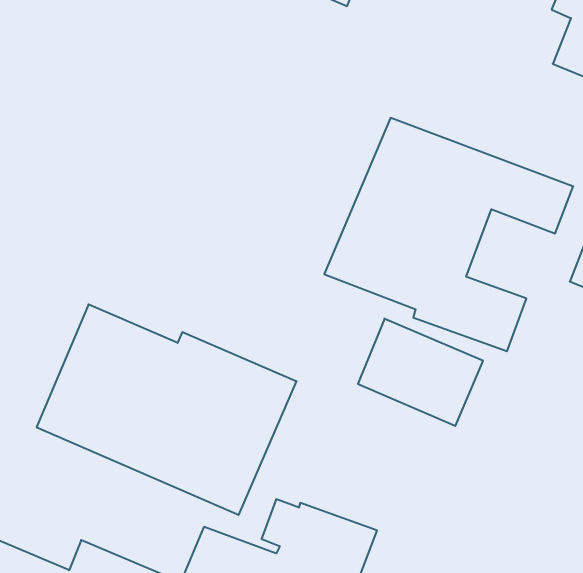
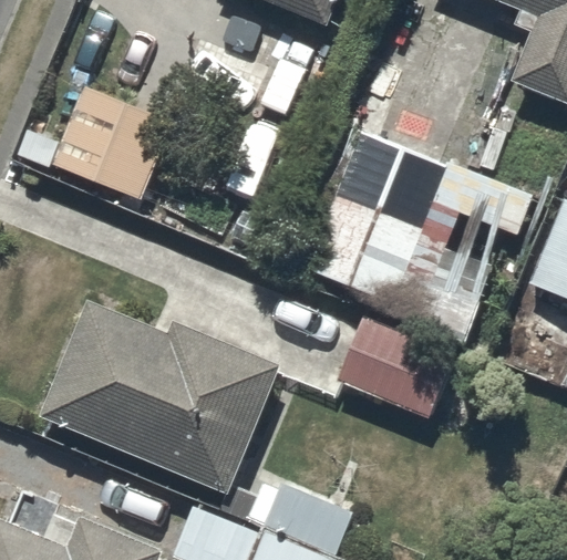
building: none -> [21,87,176,200]

